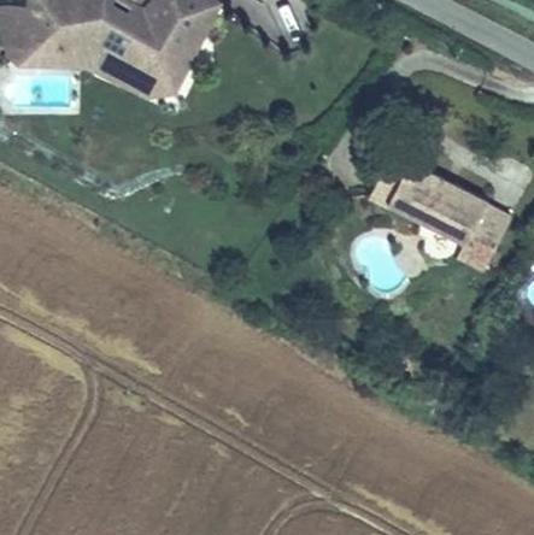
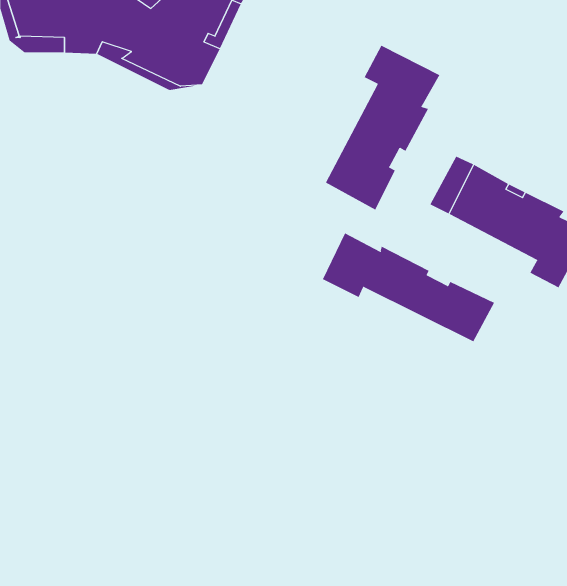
building: none -> [325,45,440,210]
building: none -> [322,232,495,342]

